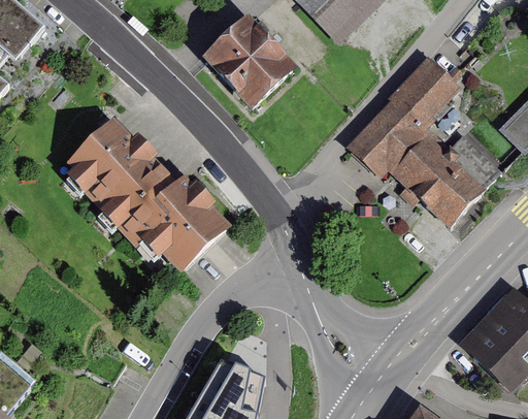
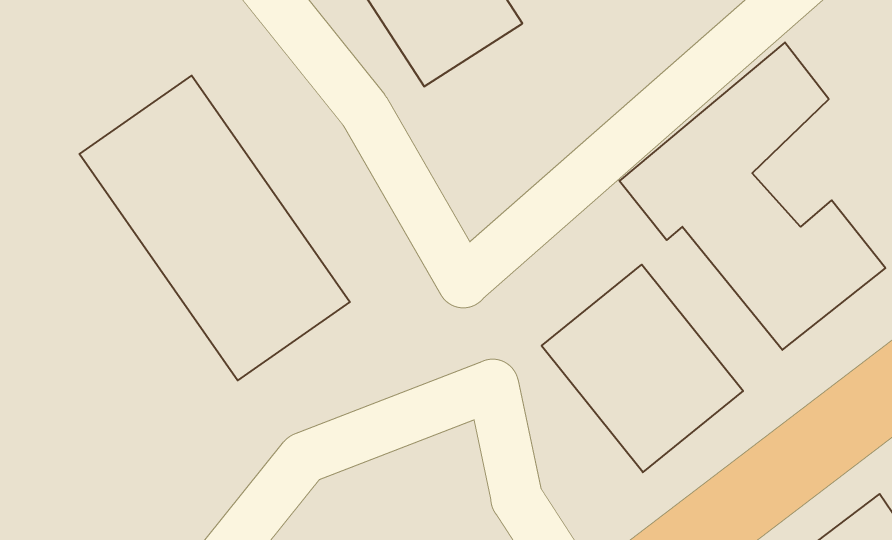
building: none -> [542,265,743,472]

